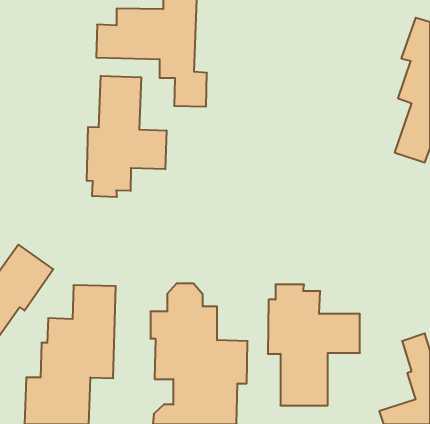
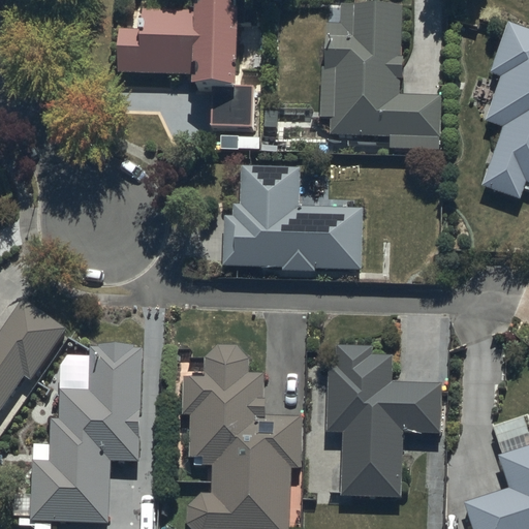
building: none -> [322,7,440,148]
building: [87,76,167,197] -> none
building: none -> [223,166,363,271]

